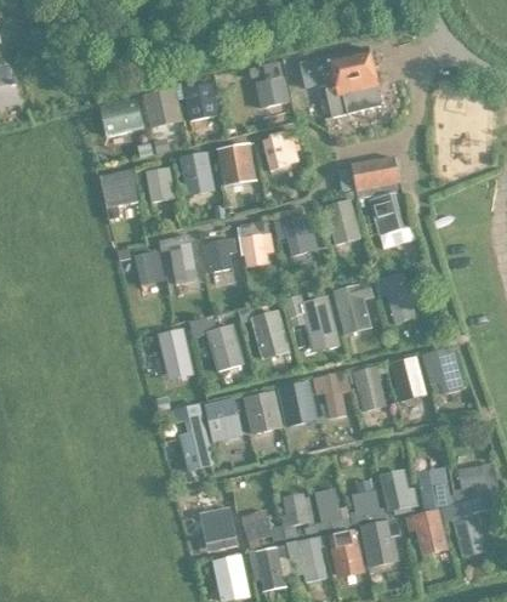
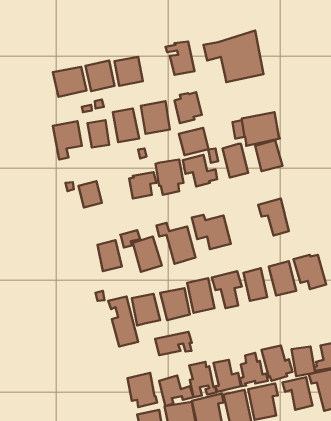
building: none -> [179,128,209,155]
building: [159,233,198,284] -> none
building: [335,282,371,333] -> none
building: none -> [155,332,192,355]

